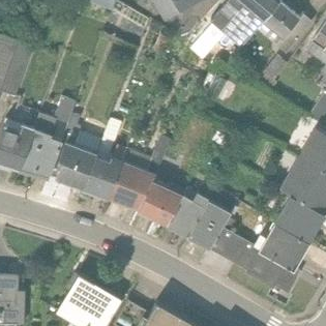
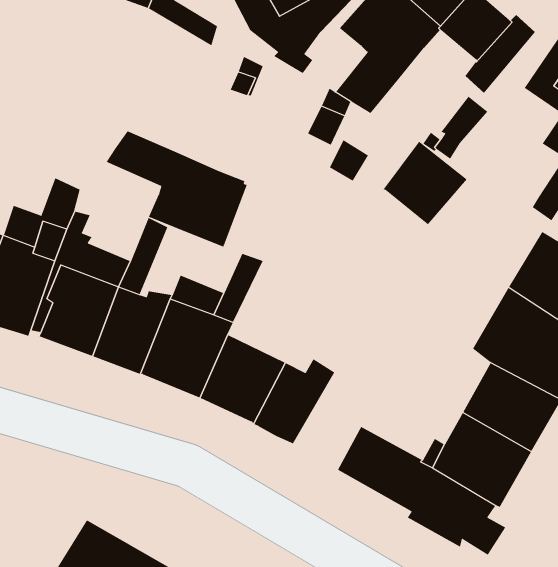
building: none -> [106,130,247,248]
building: none -> [383,141,467,225]
building: [186,199,231,249] -> none

